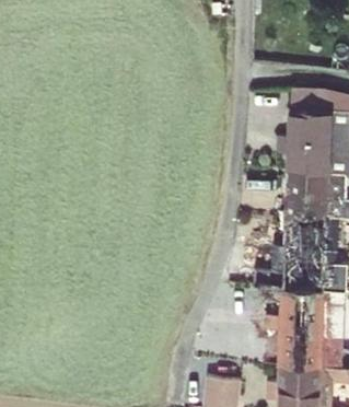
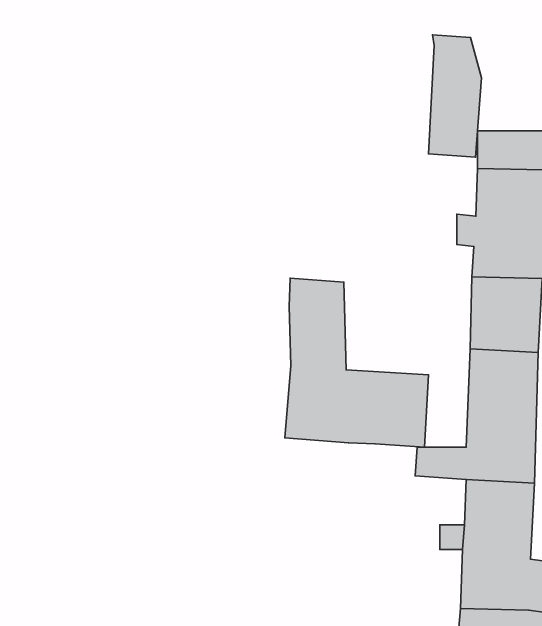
building: none -> [428,35,482,157]
building: none -> [285,278,429,447]

